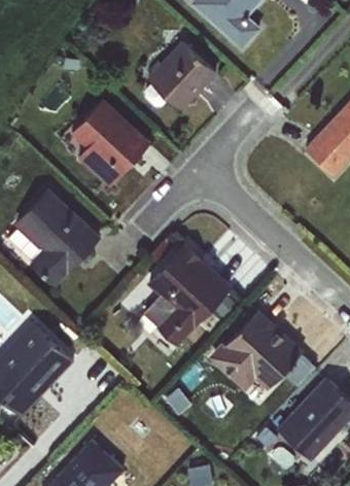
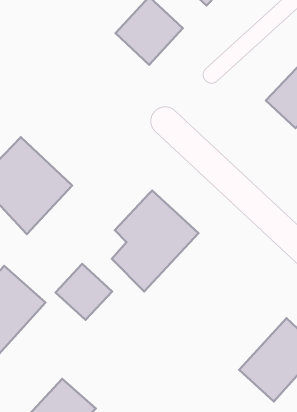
building: [69,98,150,188] -> none
building: [207,309,304,392] -> none
building: none -> [56,264,112,320]

